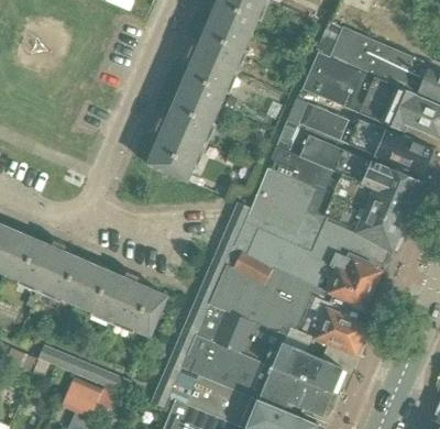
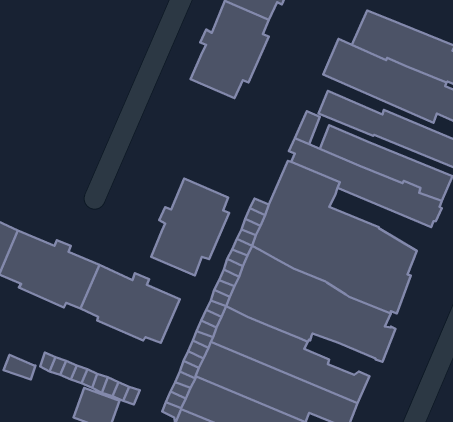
building: [148,91,221,182] -> [151,179,229,276]
building: [308,193,403,251] -> none

